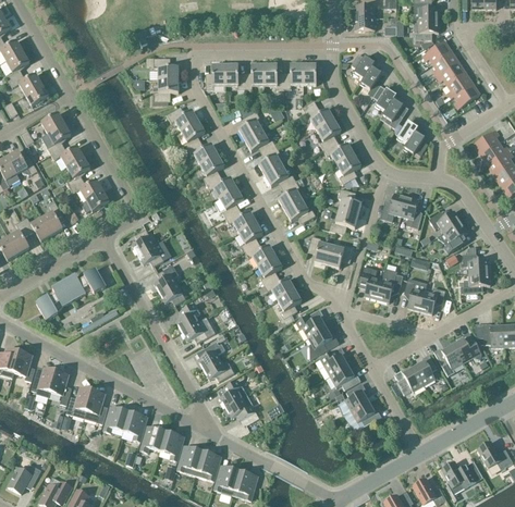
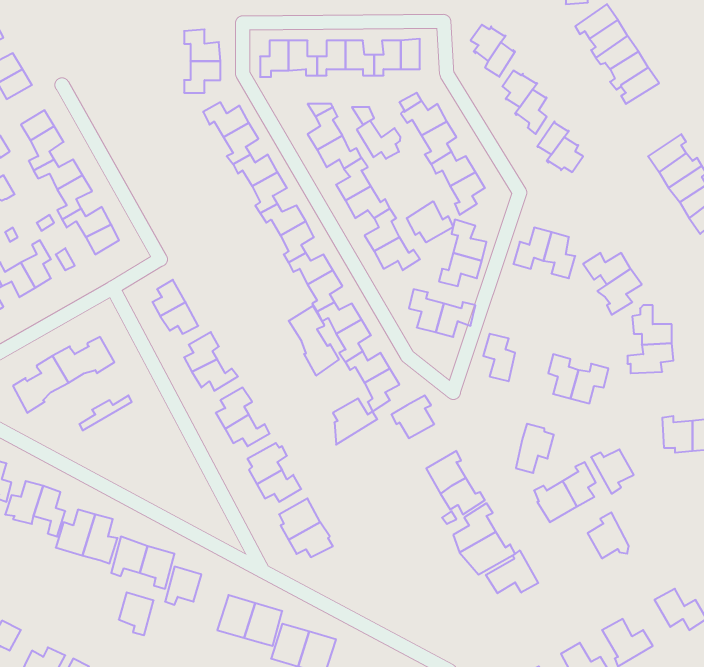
building: none -> [357,120,400,159]
building: none -> [407,201,453,242]
building: none -> [289,306,339,376]
building: [377,268,403,301] -> [516,424,554,473]
building: [308,327,339,359] -> [333,399,377,445]
building: [453,331,481,362] -> [588,512,629,558]
building: none -> [486,550,538,593]
building: [160,431,184,460] -> [119,592,154,635]

